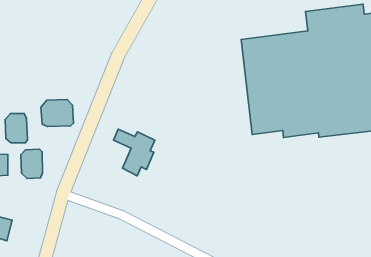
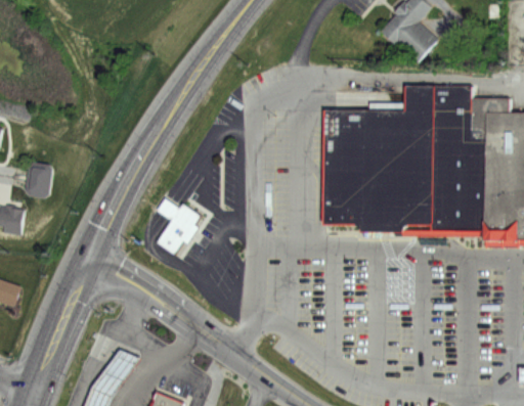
building: [41,99,73,127] -> none
building: [21,149,43,179] -> none

